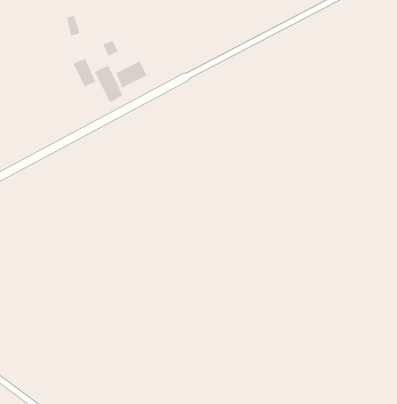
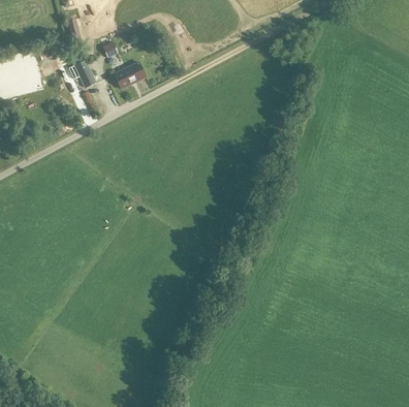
building: [94,65,123,103] -> none

